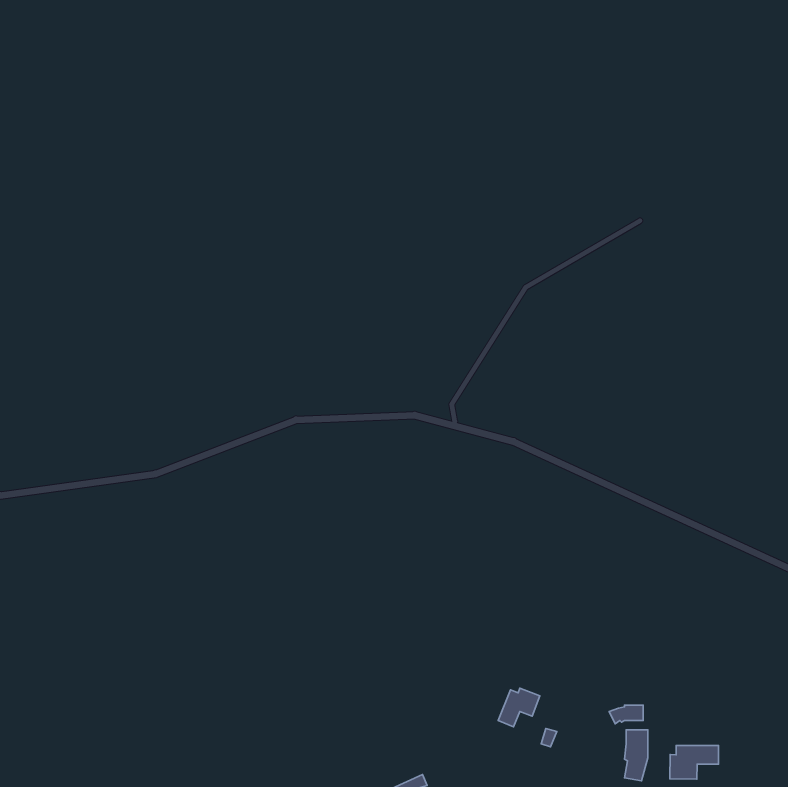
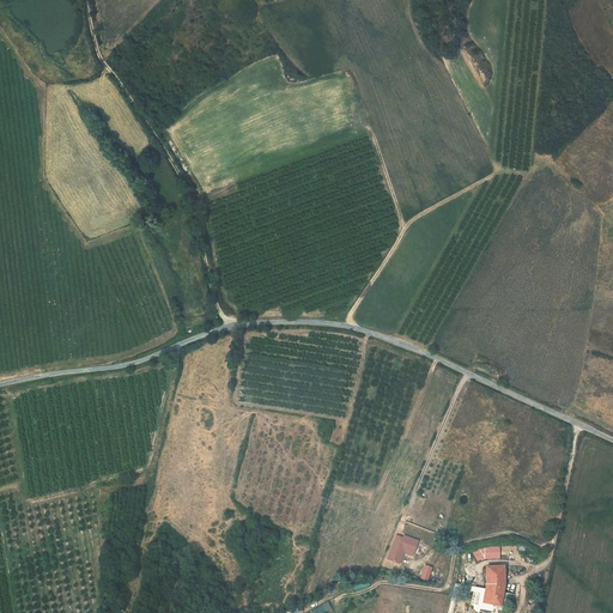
building: [670,745,718,779] -> none

